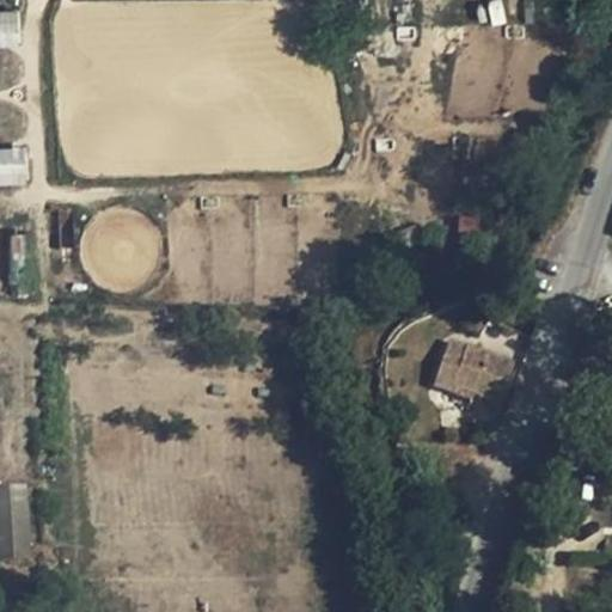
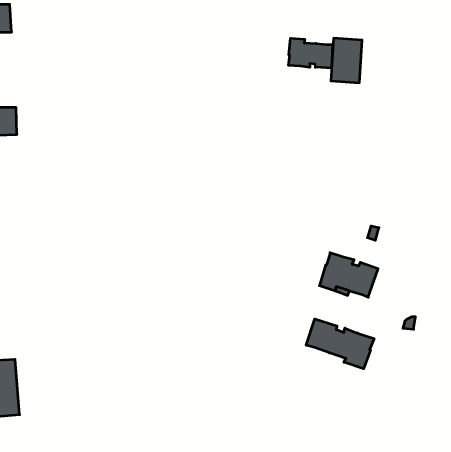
building: none -> [289,38,333,68]
building: none -> [306,319,374,369]

